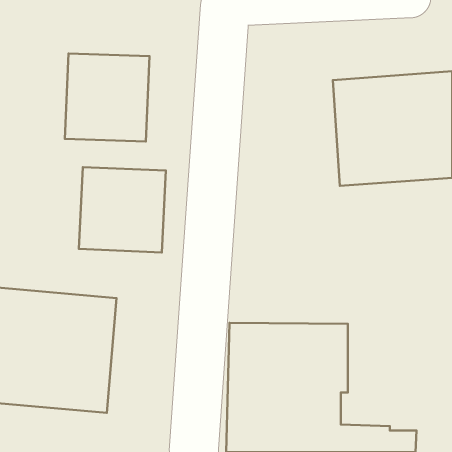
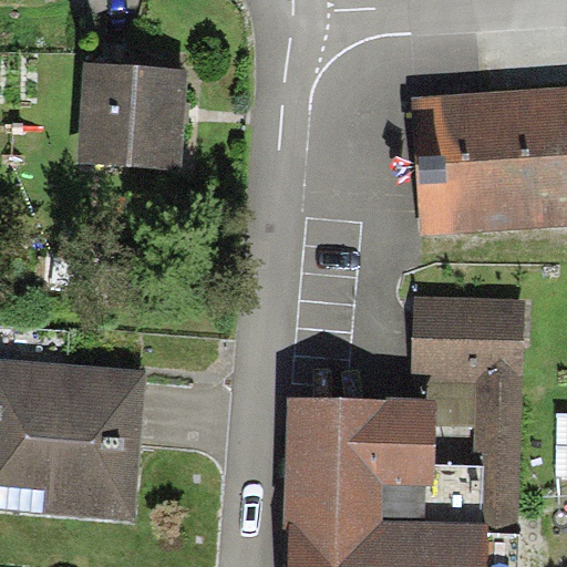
building: [79,167,166,252] -> none
building: none -> [411,300,526,536]

